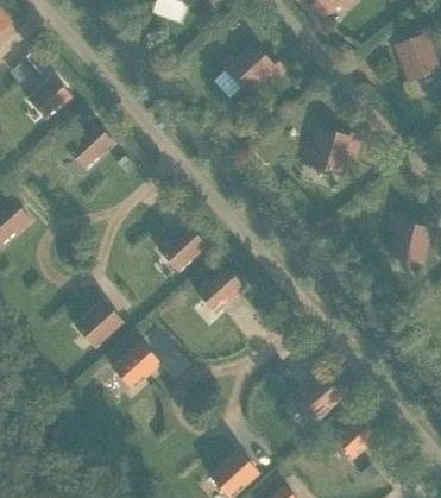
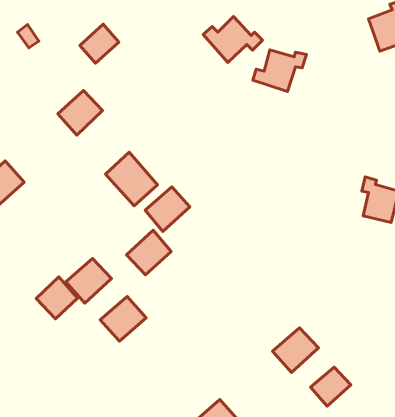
building: [30,77,71,119] -> [80,24,119,63]
building: [303,130,360,174] -> [253,50,307,91]
building: none -> [106,152,157,206]
building: [196,265,244,313] -> [126,230,171,275]
building: none -> [36,277,78,319]

